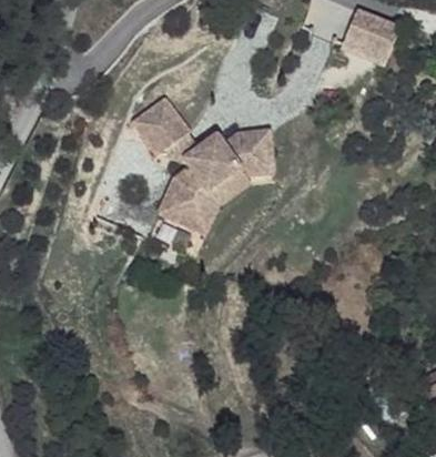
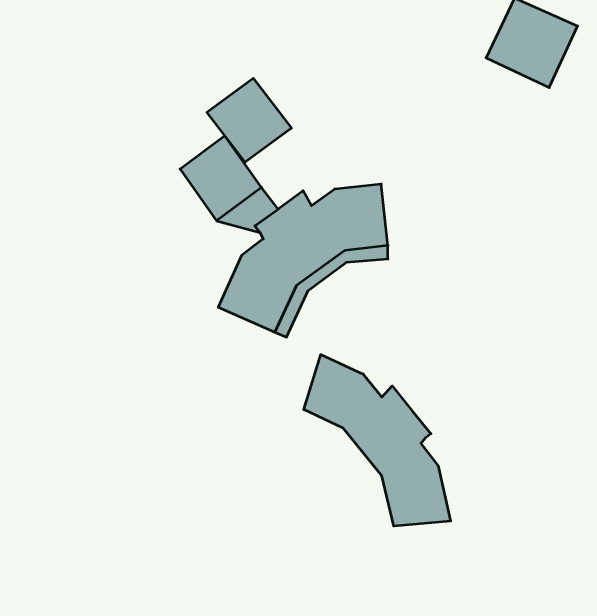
building: none -> [207,78,291,162]
building: none -> [304,355,451,526]

